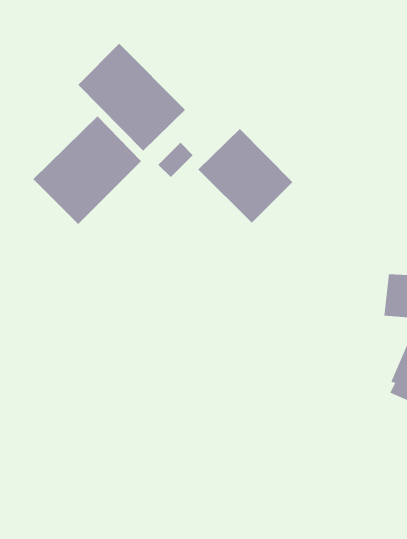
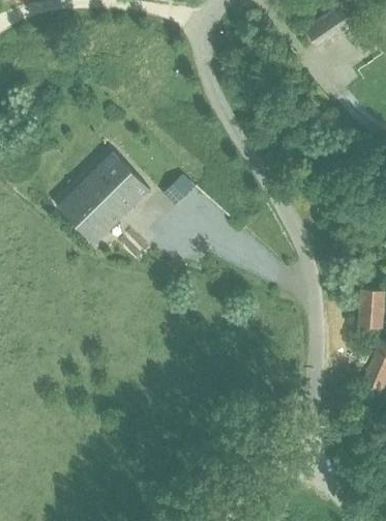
building: [78,43,186,152] -> none
building: [198,128,293,224] -> none

